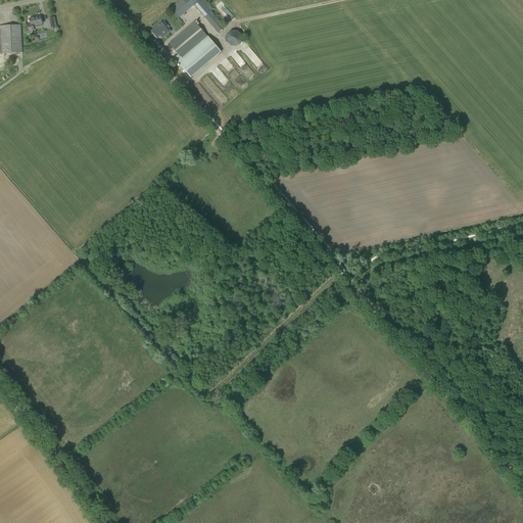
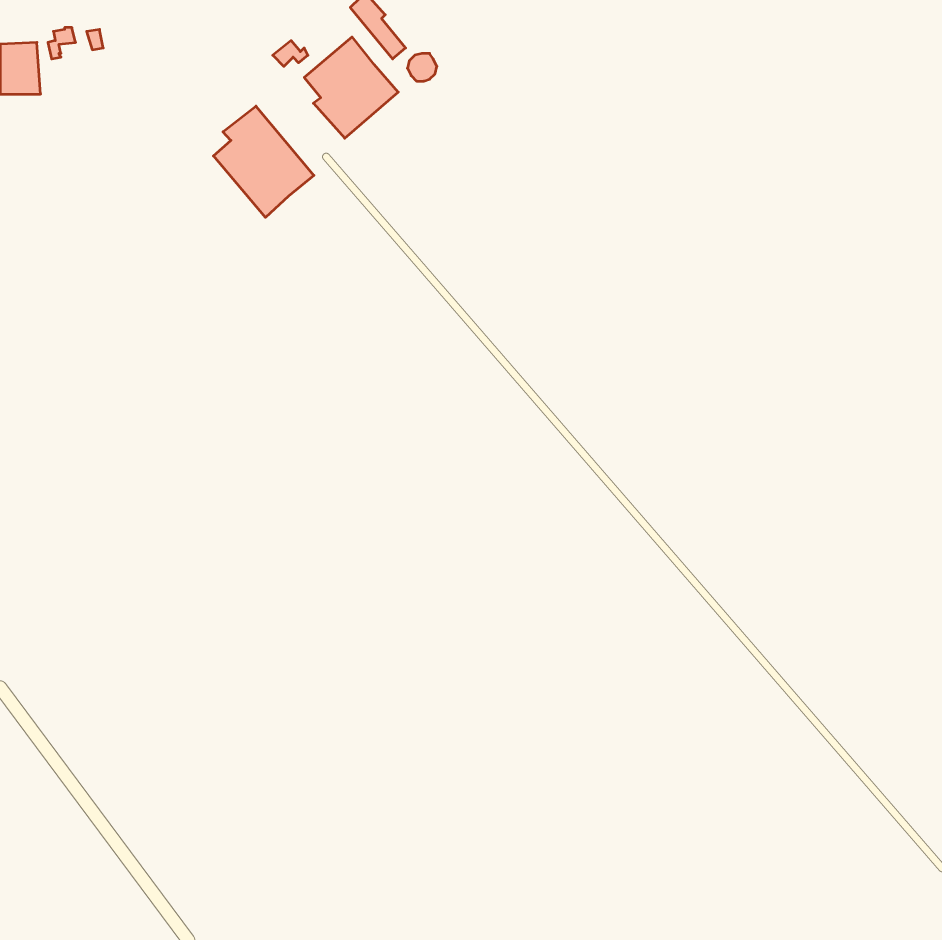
building: none -> [213,106,314,217]

